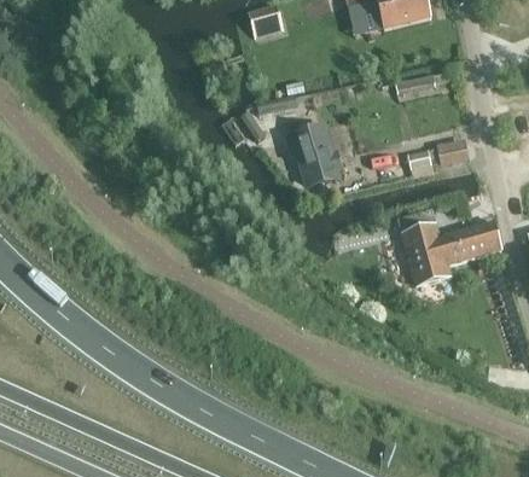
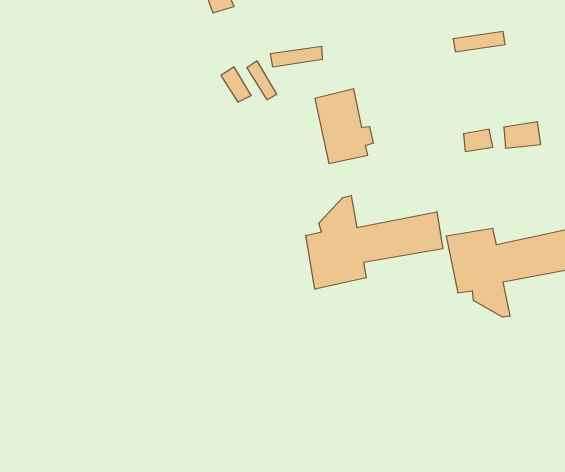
building: none -> [306,195,443,289]

